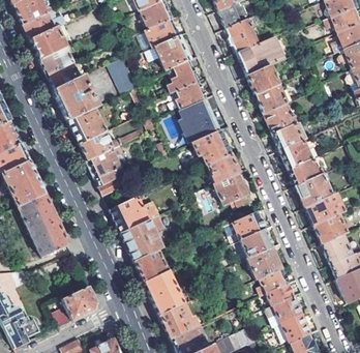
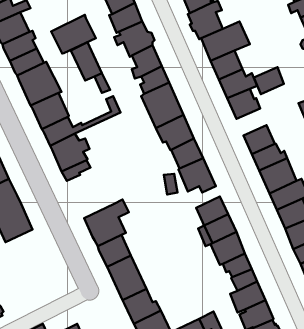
building: none -> [51,15,96,53]
building: [272,123,302,150] -> [254,67,284,94]
building: [109,197,150,233] -> none
building: [51,286,96,326] -> none

